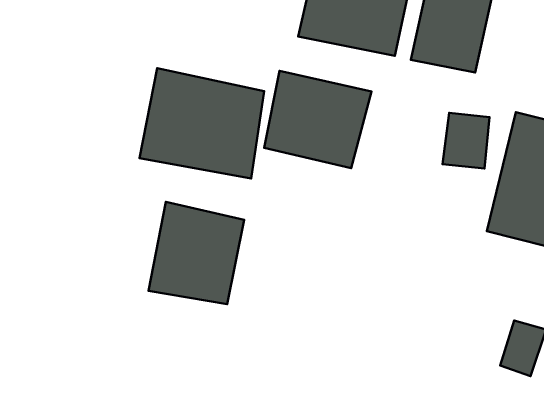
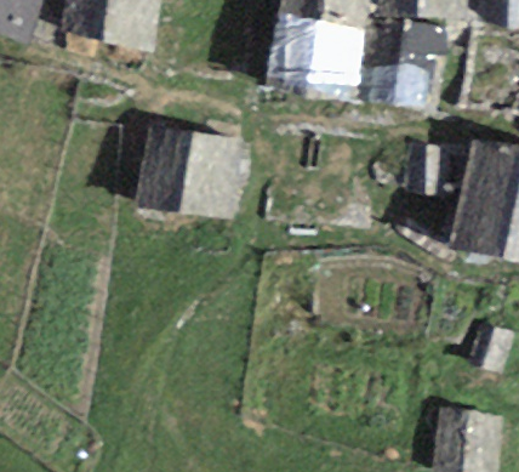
building: [264,71,371,168] -> none
building: [148,202,244,304] -> none

